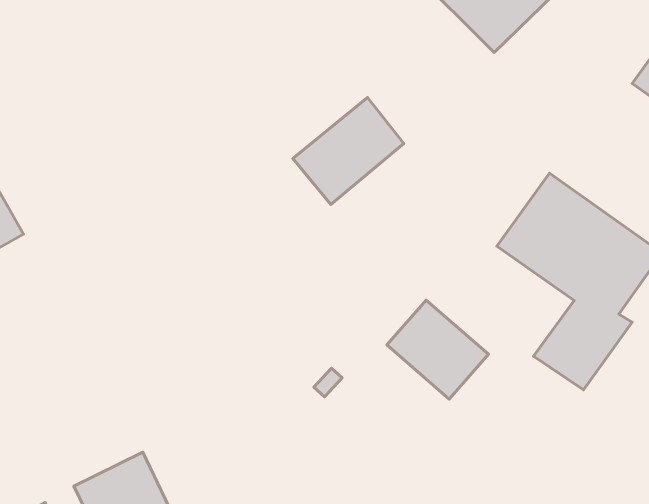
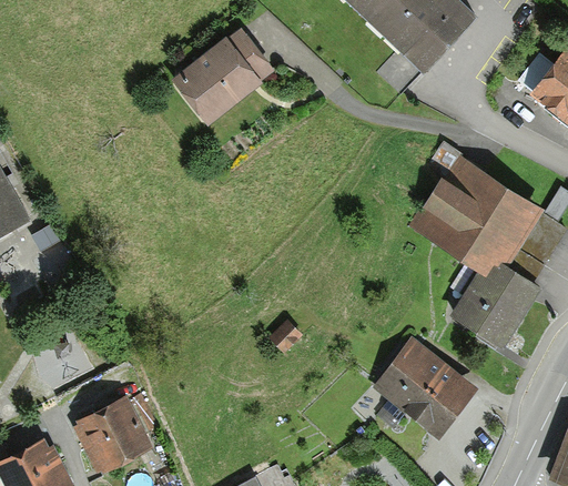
building: [293,97,404,205] -> [174,38,265,125]
building: [387,300,488,399] -> [379,350,463,431]

